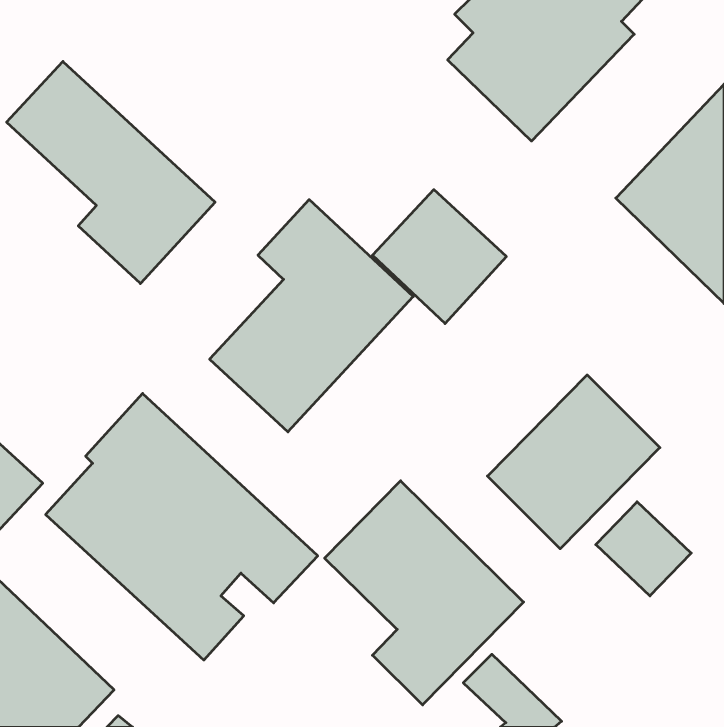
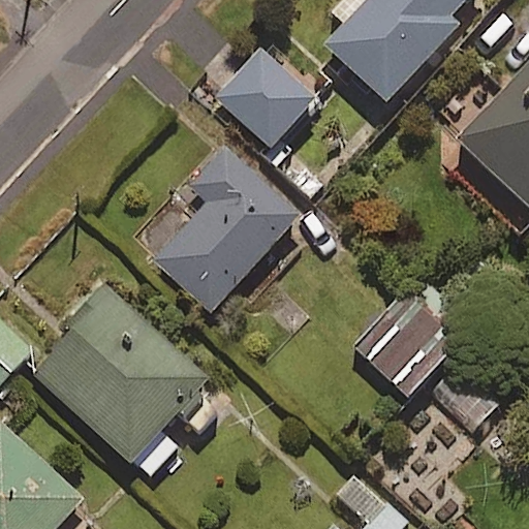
building: [7,61,215,284] -> none
building: [372,190,506,324] -> [217,52,314,149]
building: [325,481,524,705] -> none

